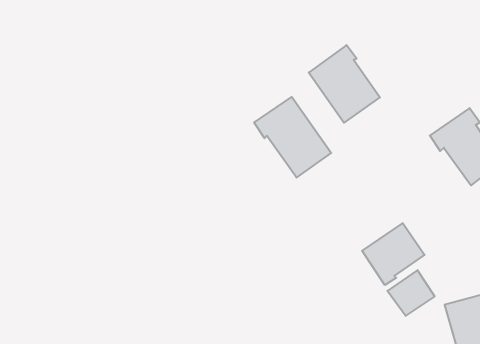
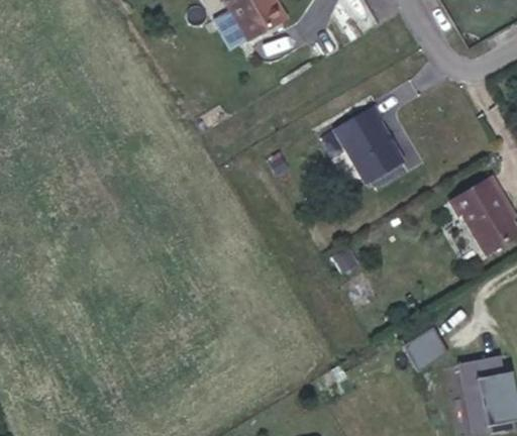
building: [254,97,331,178] -> none
building: [362,223,425,285] -> none

